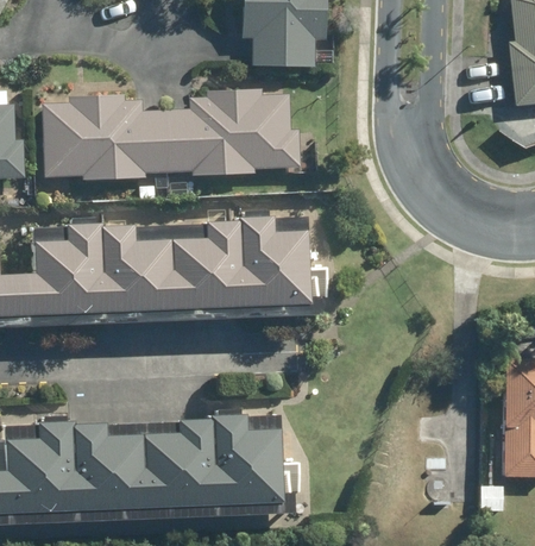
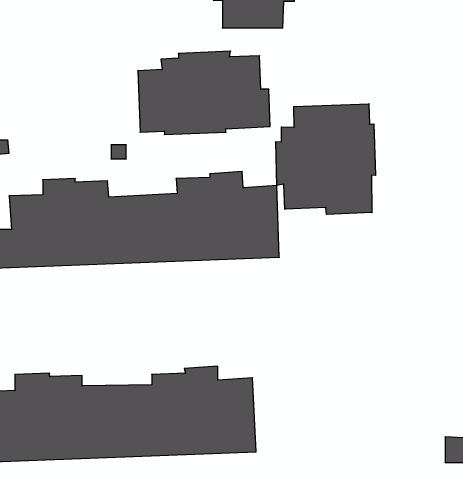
building: [42,98,168,182] -> none
building: none -> [276,104,376,214]

